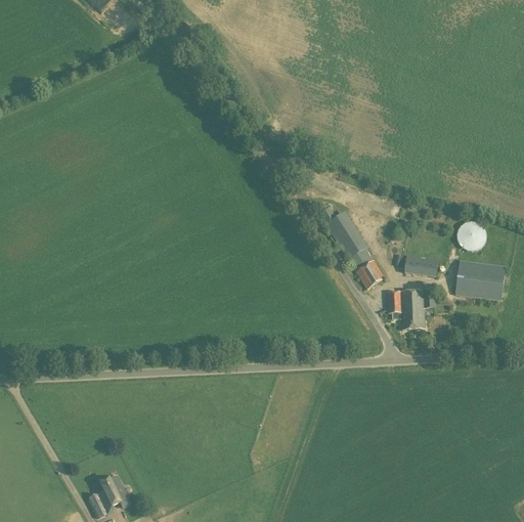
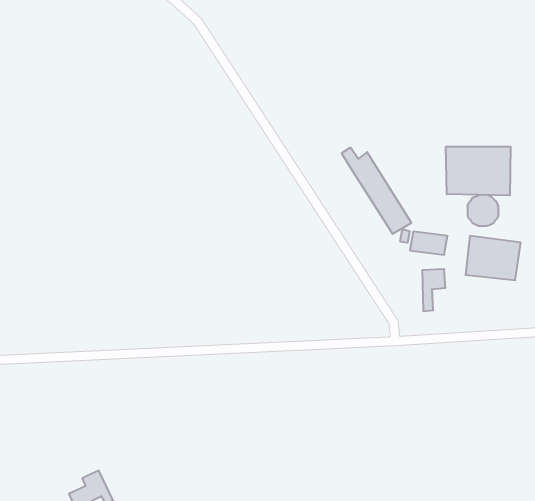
building: none -> [446,147,511,195]
building: [319,208,384,288] -> [342,148,411,234]
building: [387,291,416,329] -> none

